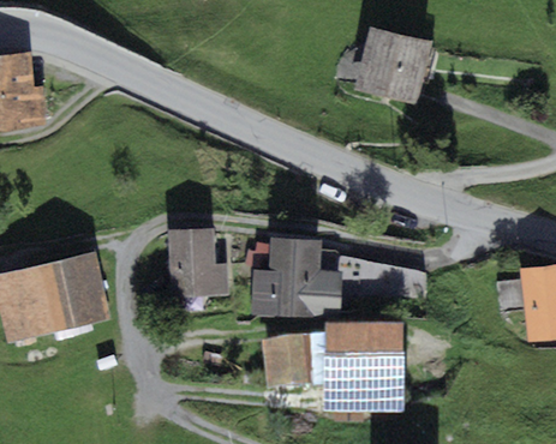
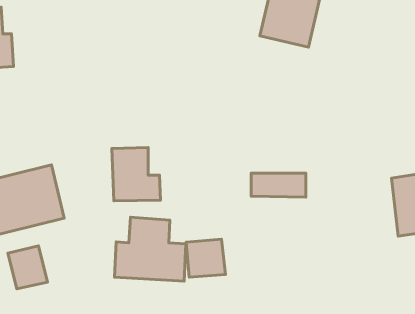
building: [251,236,341,317] -> [114,217,186,281]
building: [324,334,405,414] -> none
building: none -> [8,246,48,289]

